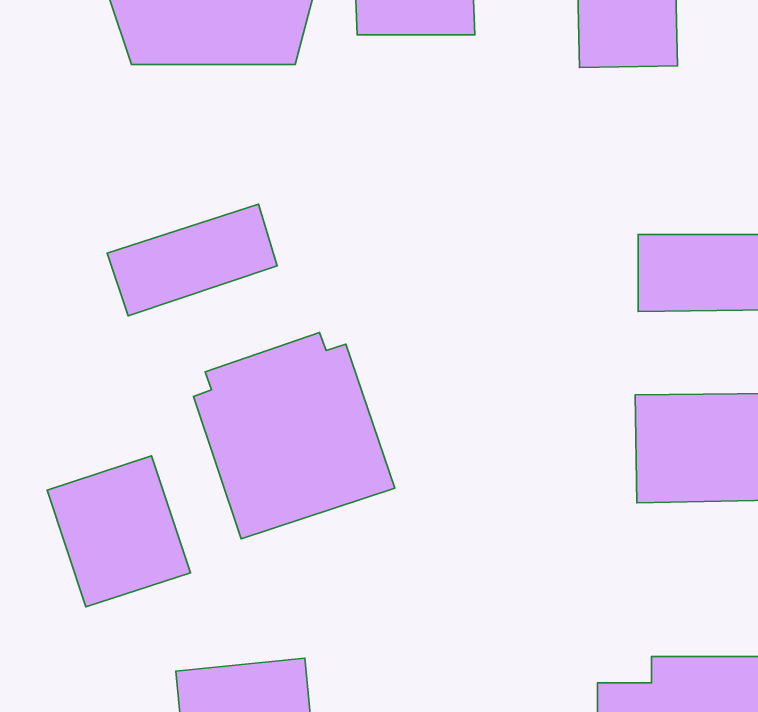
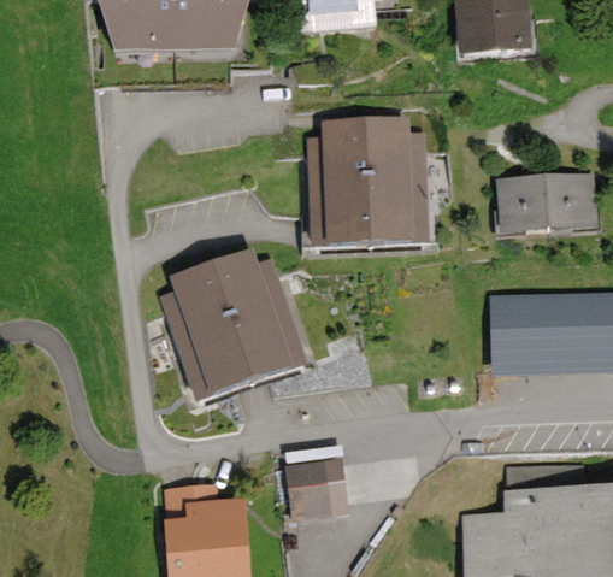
building: none -> [310,117,431,245]
building: [107,204,277,316] -> none
building: [47,456,190,607] -> none
building: none -> [301,457,353,517]

